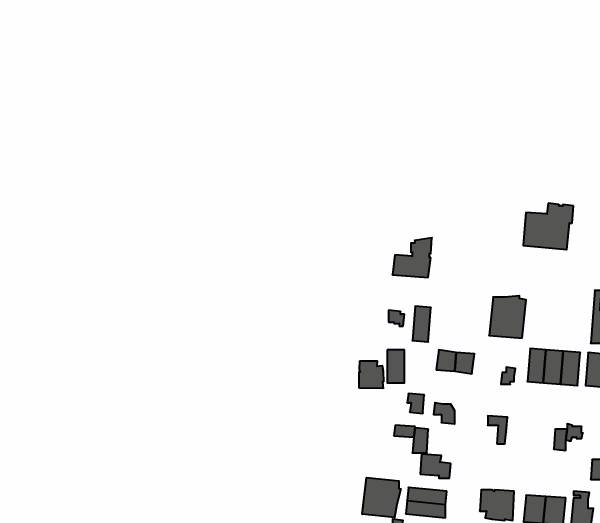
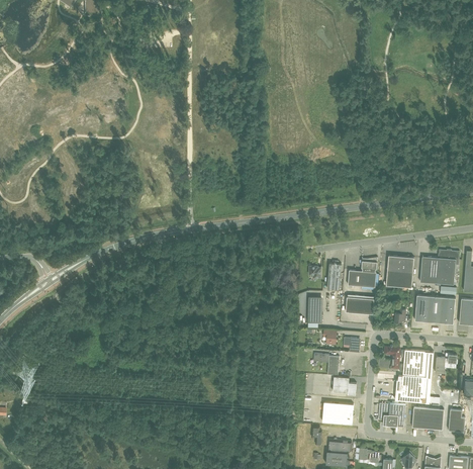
building: [523,203,573,250] -> [419,250,458,285]
building: [392,238,432,277] -> [347,257,377,287]
building: [359,361,383,388] -> none
building: none -> [394,350,433,403]
building: [362,478,401,518] -> none

